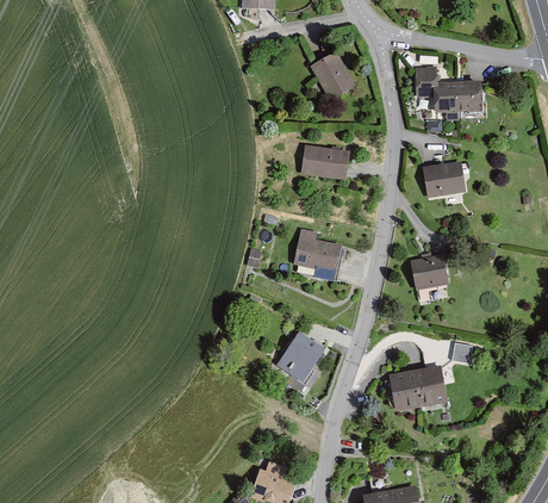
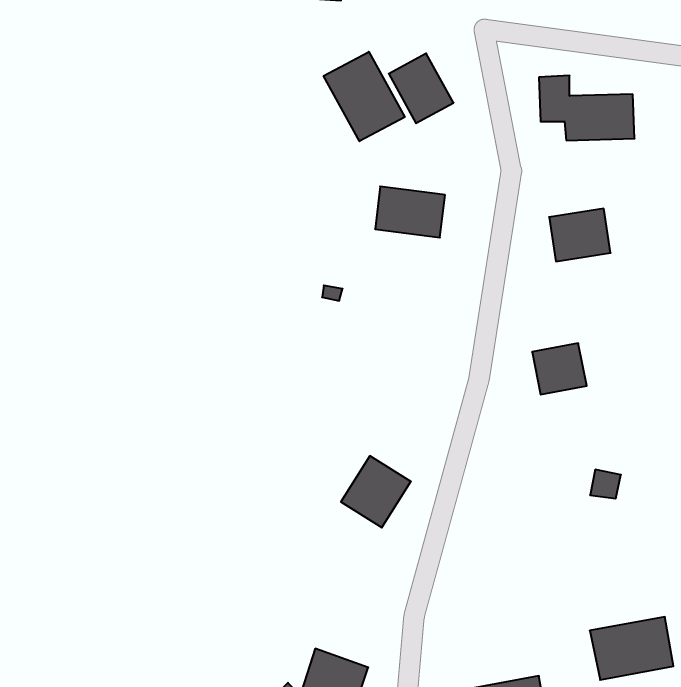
building: none -> [324,52,405,141]
building: [293,228,343,281] -> none
building: [388,367,447,411] -> [590,617,673,680]

